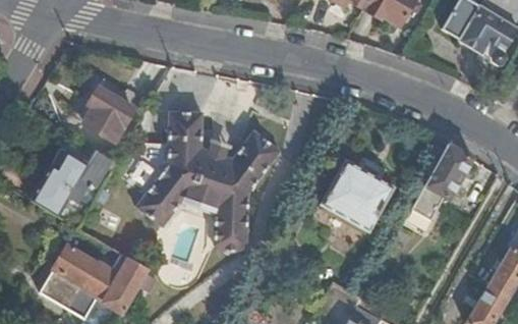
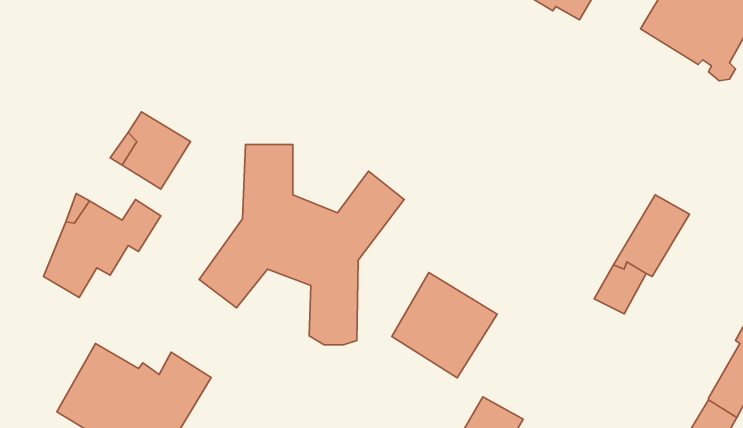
building: [322,160,394,232] -> [392,273,497,378]

